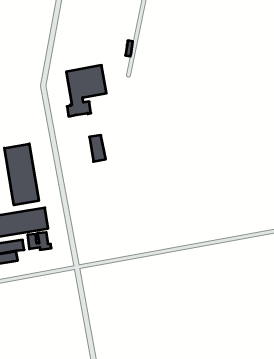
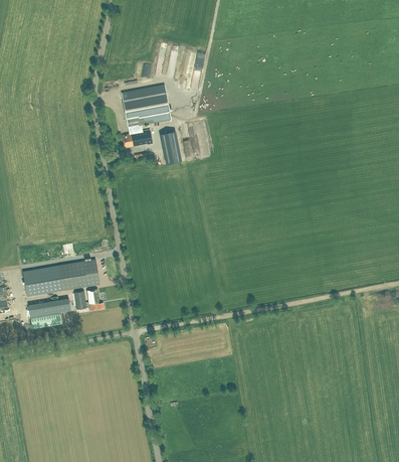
building: [89,135,106,162] -> [160,132,180,164]
building: [4,144,39,205] -> none

